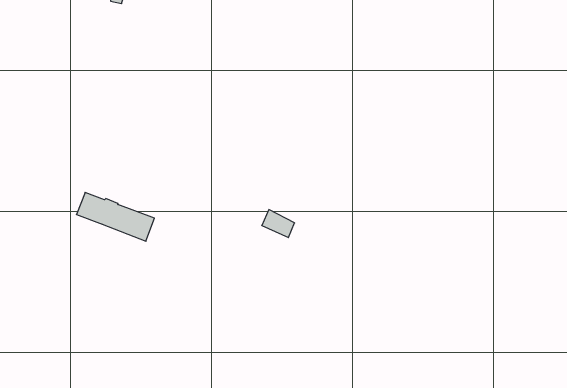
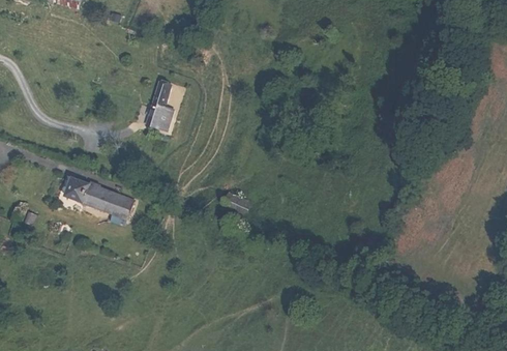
building: none -> [149,83,175,131]

